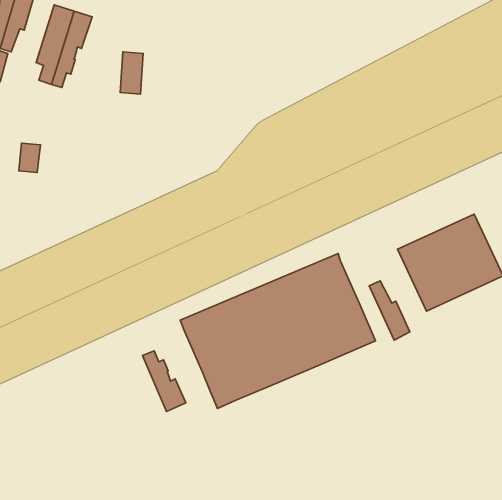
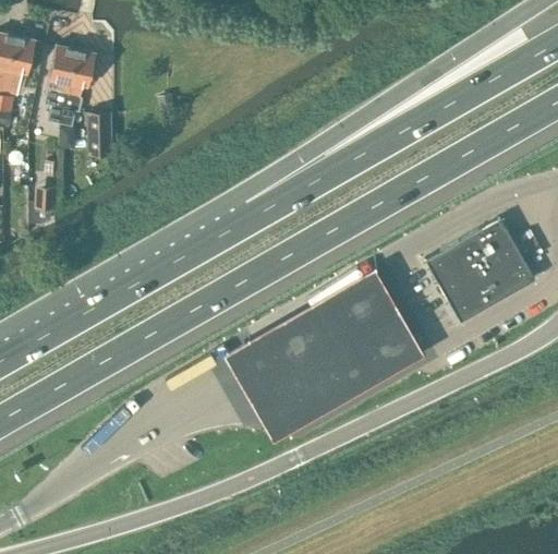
building: [120,52,143,94] -> [90,117,112,158]
building: [369,281,410,340] -> none
building: [143,351,186,411] -> none

